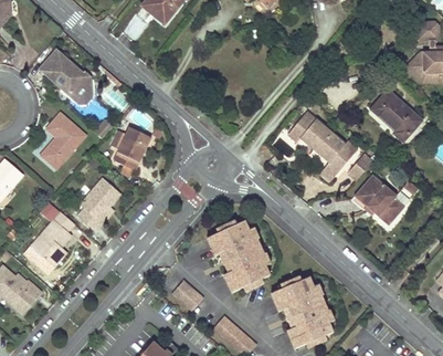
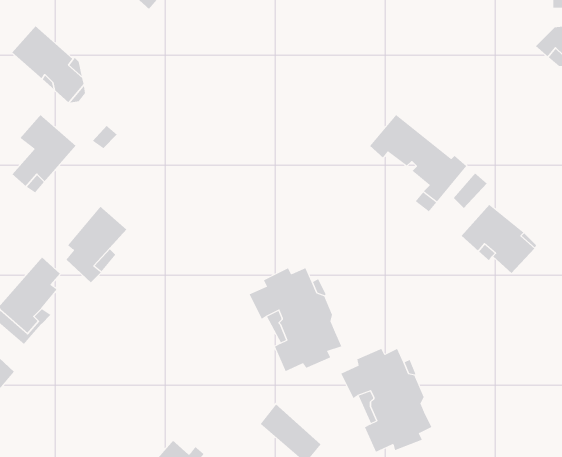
building: [372,92,419,139] -> none
building: [112,127,149,170] -> none
building: [170,280,202,311] -> none

